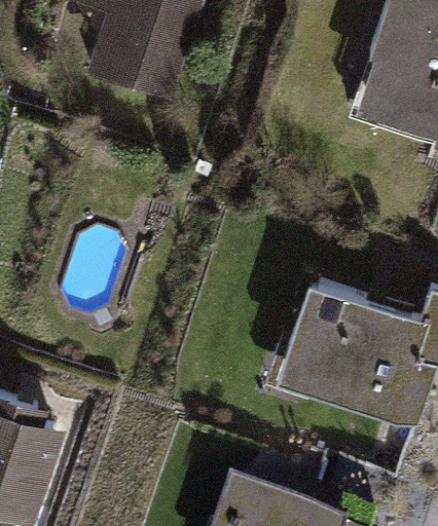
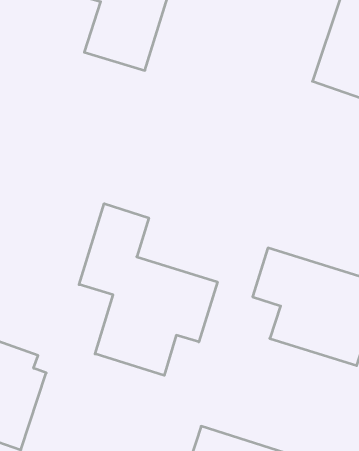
building: none -> [79,204,217,375]

